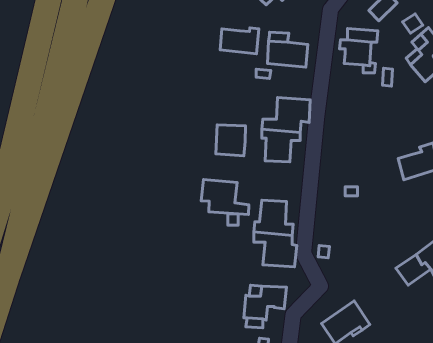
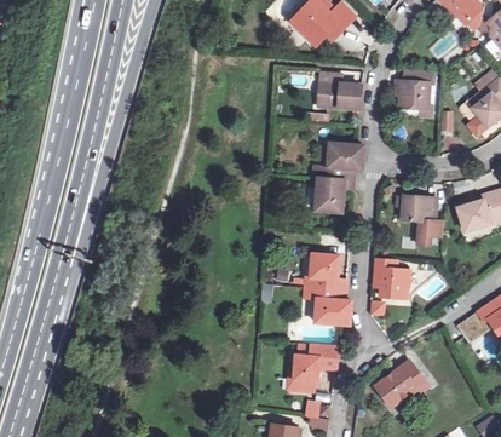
building: [220,28,259,54] -> none
building: [216,125,245,156] -> none
building: none -> [402,195,444,246]
building: [201,180,249,215] -> none
building: none -> [375,258,410,298]

